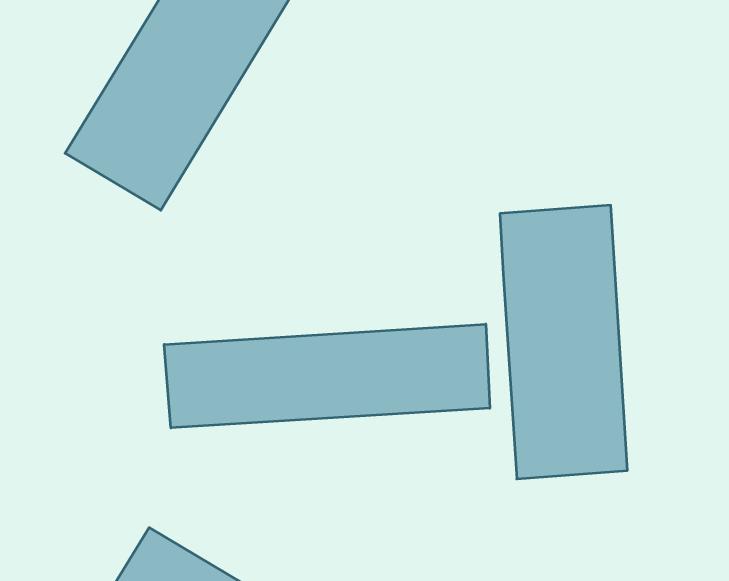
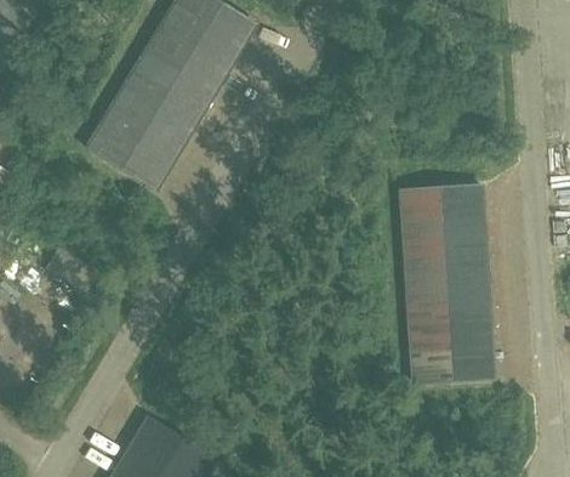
building: [164,324,490,428] -> none

